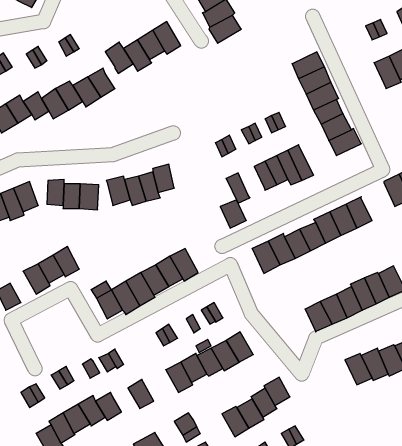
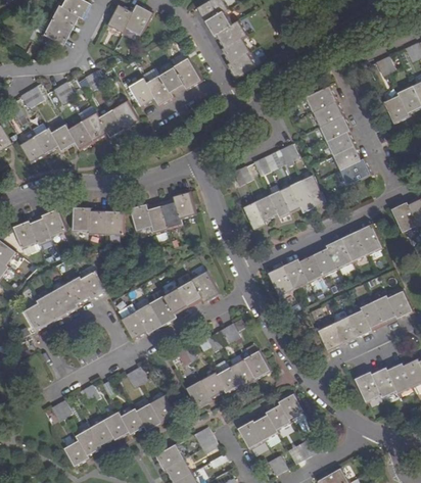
building: [220,200,246,228] -> [254,194,279,221]
building: none -> [37,293,63,323]
building: none -> [136,403,161,431]

